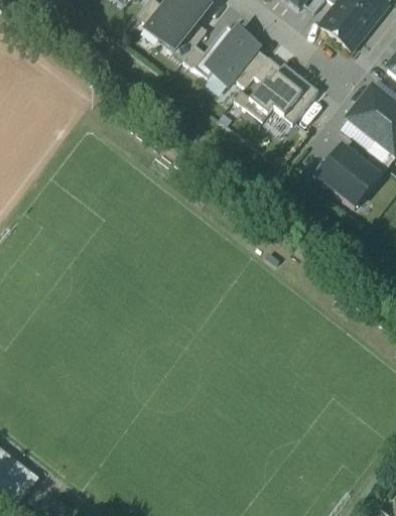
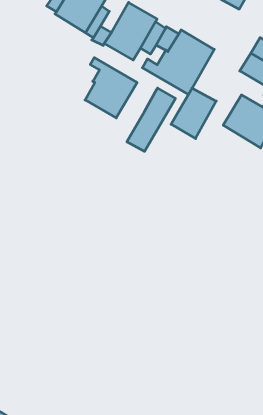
building: none -> [85,58,137,118]
building: none -> [127,88,175,151]
building: none -> [171,88,216,139]

